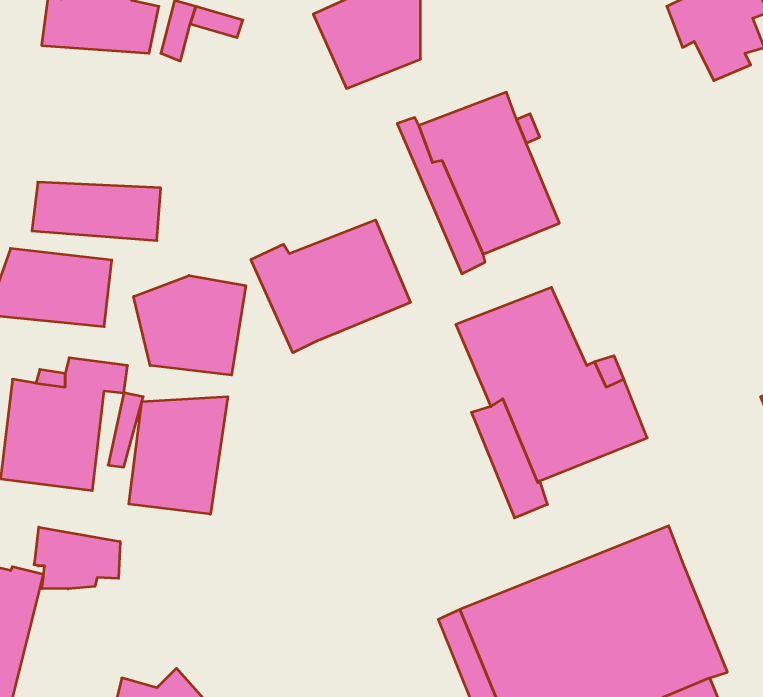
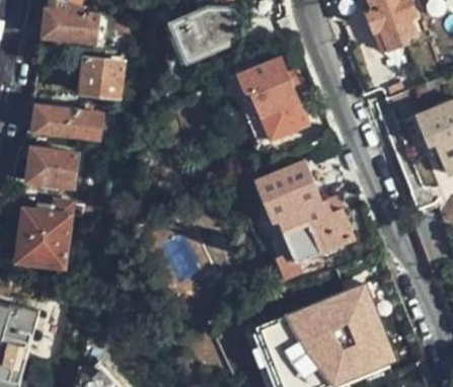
building: none -> [84,54,124,90]
building: [251,220,410,353] -> none
building: [134,275,246,375] -> none
building: [129,397,228,514] -> none
building: [34,527,120,589] -> none

